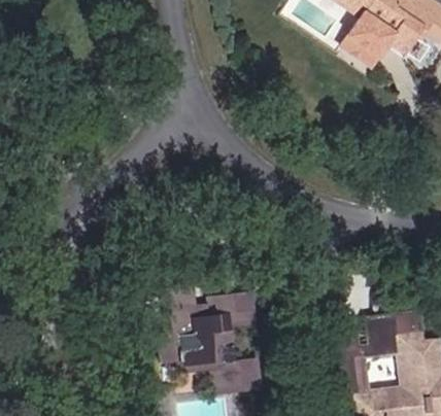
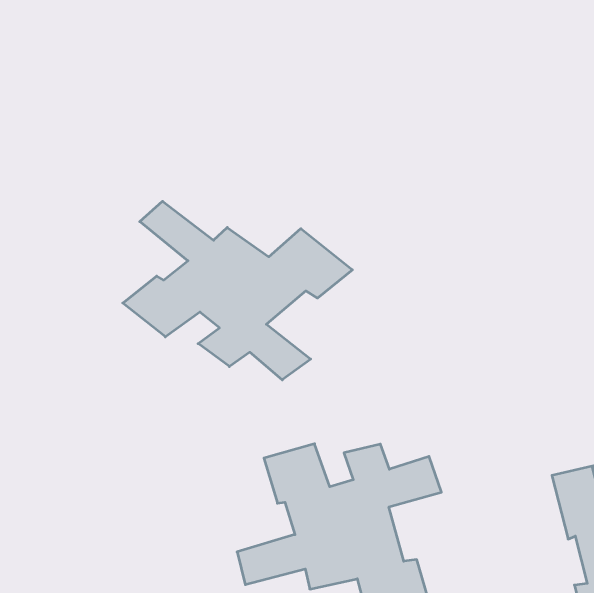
building: none -> [123,201,352,380]

